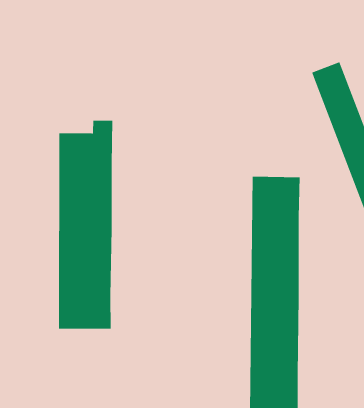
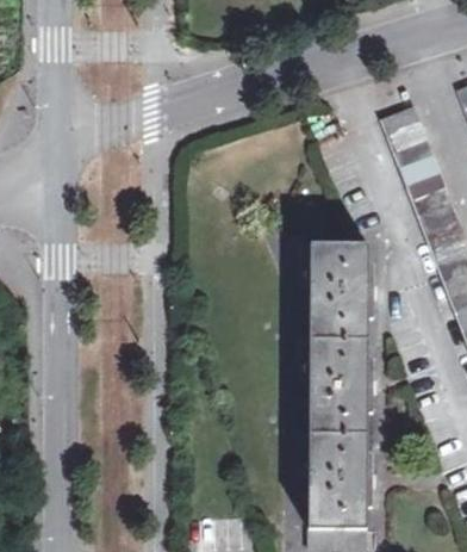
building: [58,120,113,330] -> none

